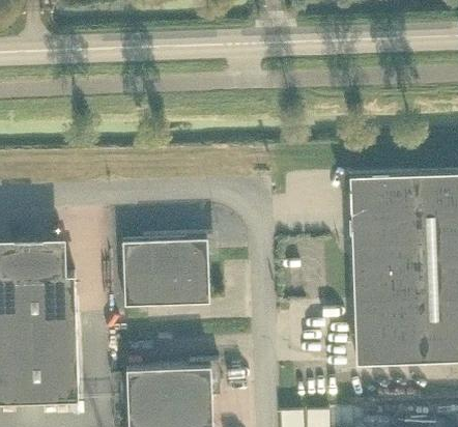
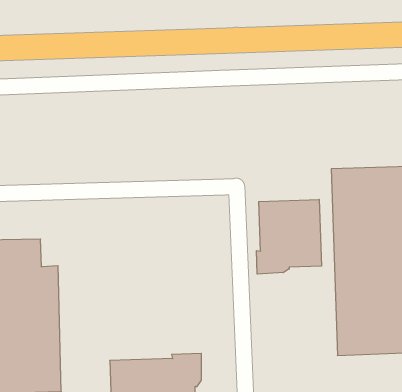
building: none -> [256,199,321,274]
building: [122,241,209,309] -> none

